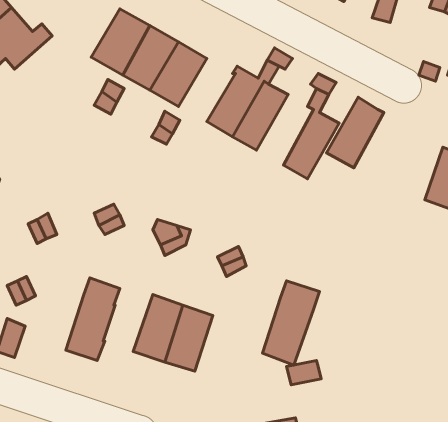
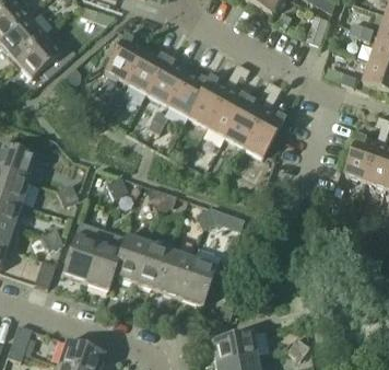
building: none -> [167,70,209,116]
building: [327,97,384,168] -> [224,96,266,148]
building: none -> [61,222,103,282]
building: [262,281,320,365] -> [179,245,221,307]
building: none -> [113,234,149,284]

